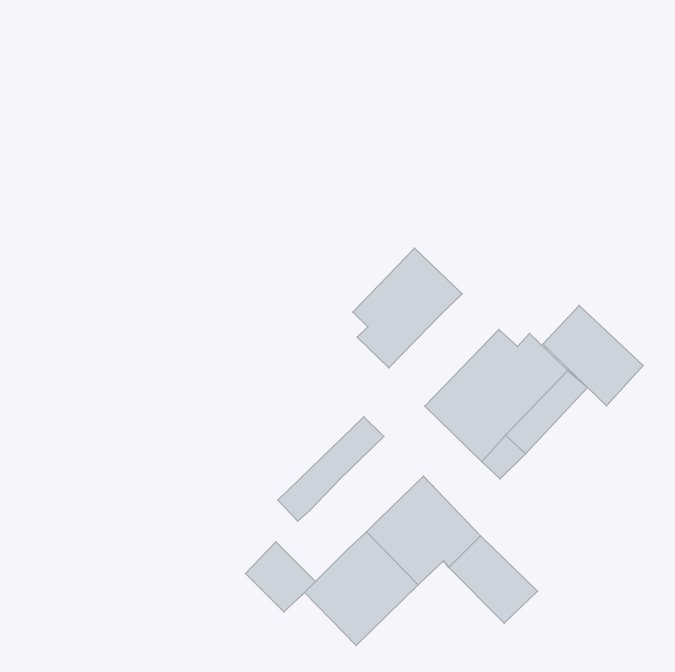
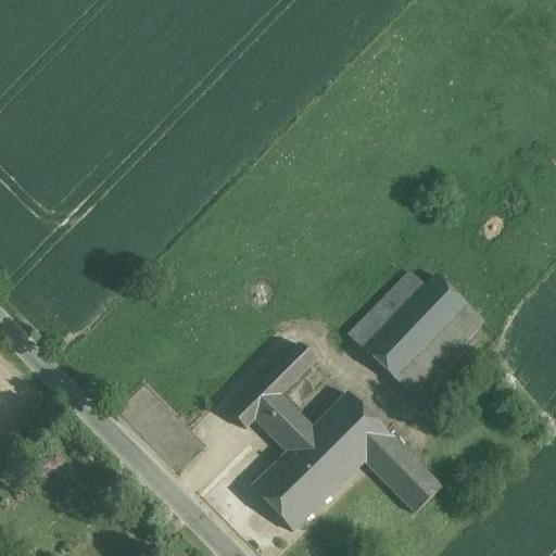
building: [353,248,462,368] -> none
building: [543,305,643,406] -> none
building: [245,542,316,612] -> [255,393,313,451]

